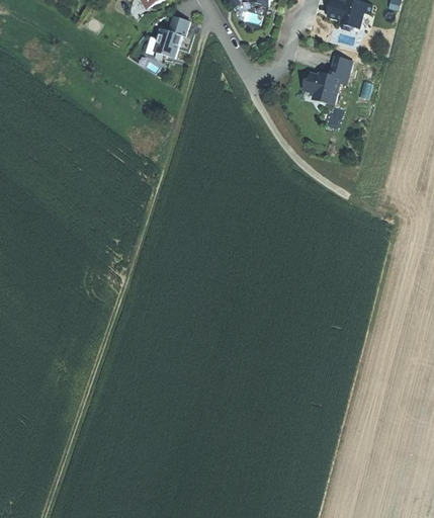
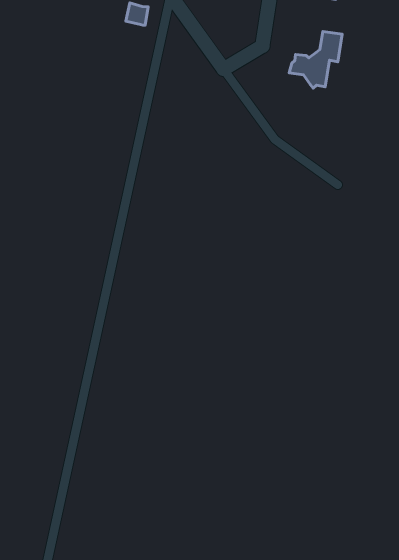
building: [154,26,180,56] -> none

